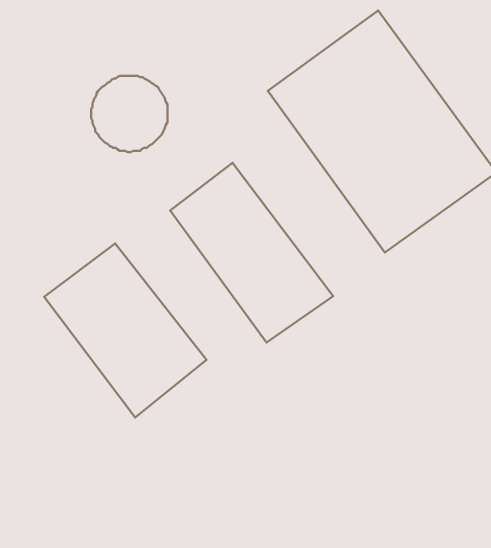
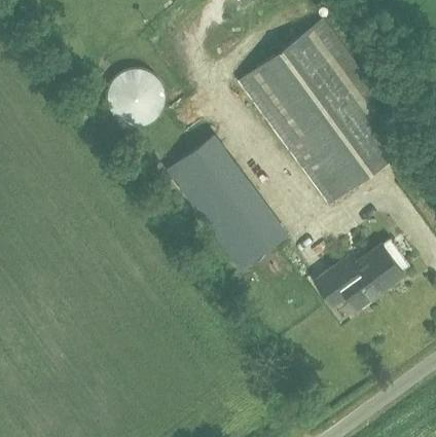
building: [44,244,207,417] -> none
building: none -> [314,244,404,307]

